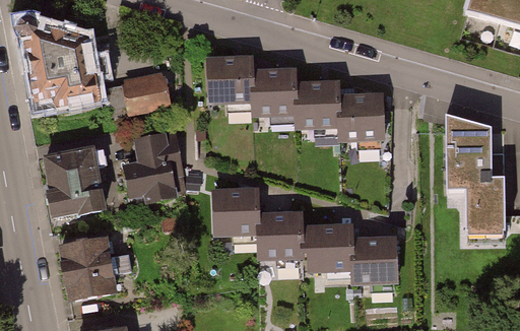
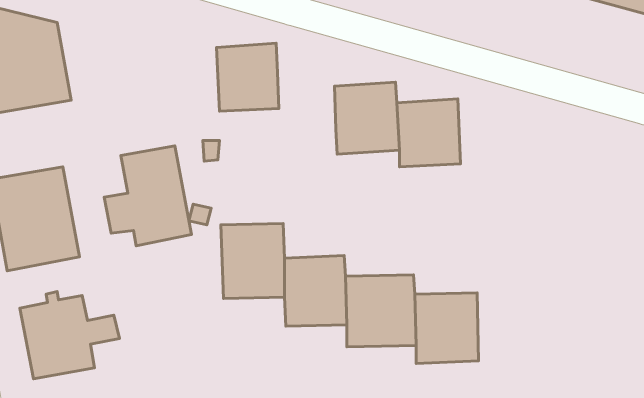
building: [122,69,172,115] -> none
building: [250,71,292,118] -> none
building: [447,115,506,230] -> none

